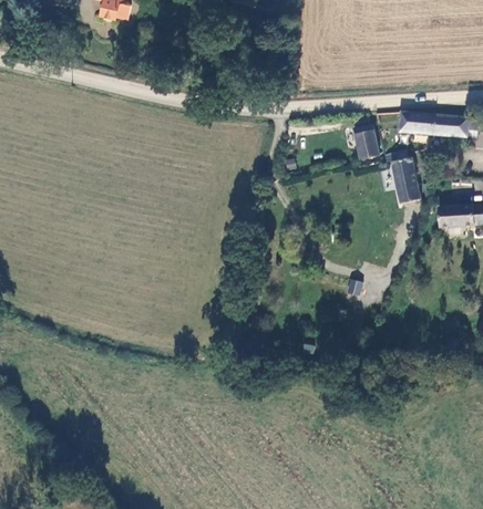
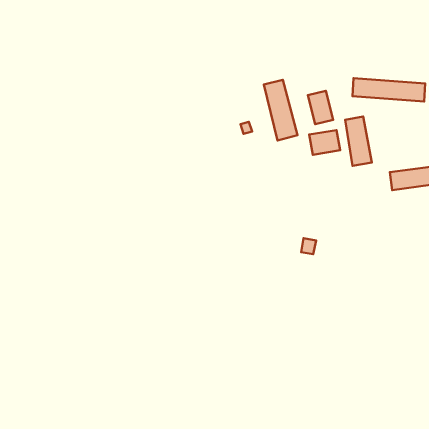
building: none -> [264,80,298,141]
building: none -> [309,130,340,155]

